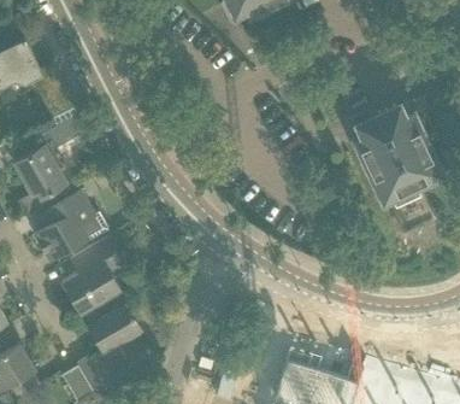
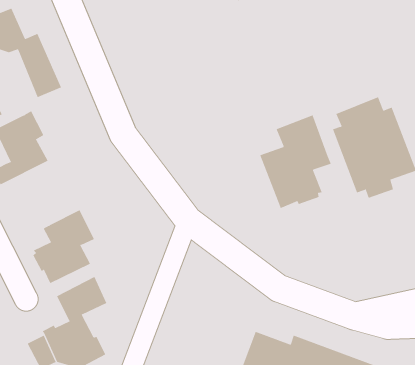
building: none -> [260,115,331,209]
building: [33,194,108,262] -> none

